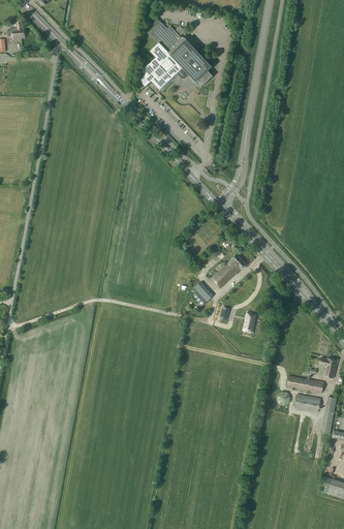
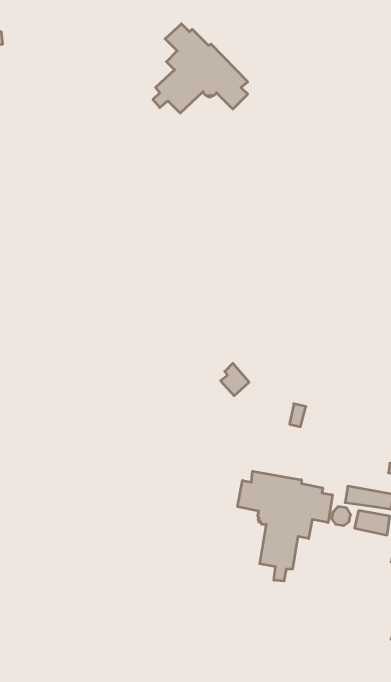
building: [211,253,246,287] -> none
building: none -> [238,471,332,581]

